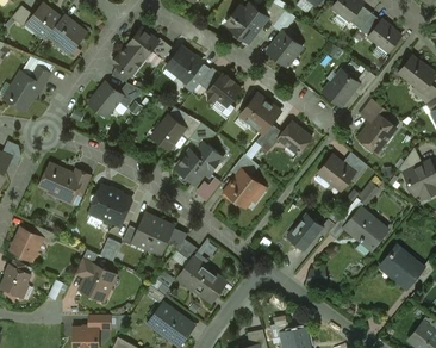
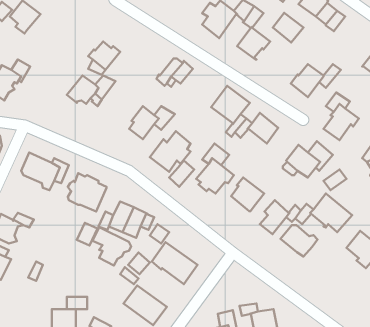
building: [46,15,85,52] -> none
building: [368,20,400,51] -> [273,13,304,42]
building: [126,27,170,58] -> none
building: [166,46,200,82] -> none
building: [207,74,239,105] -> none
building: none -> [231,177,264,211]
building: none -> [280,225,318,257]
building: [75,259,116,299] -> [92,227,131,266]

